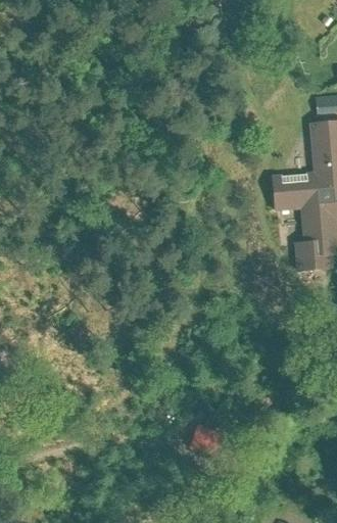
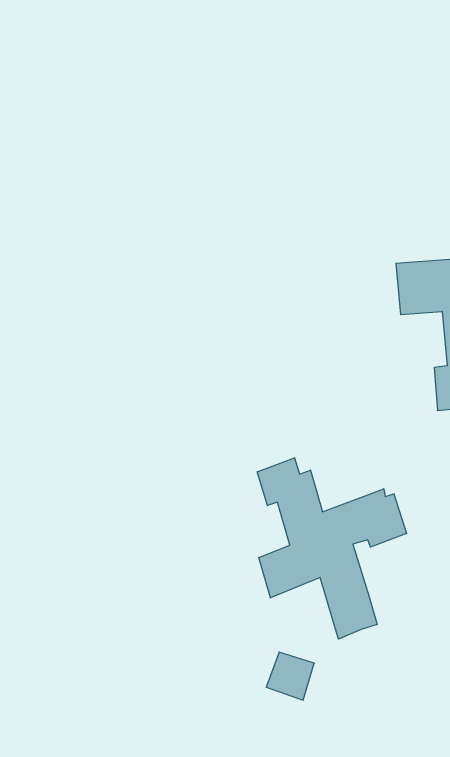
building: none -> [257,458,407,639]

